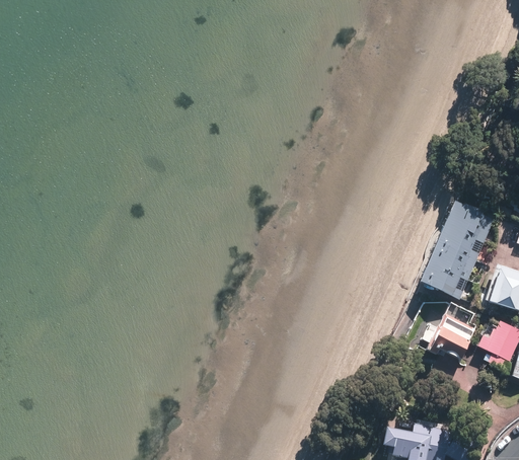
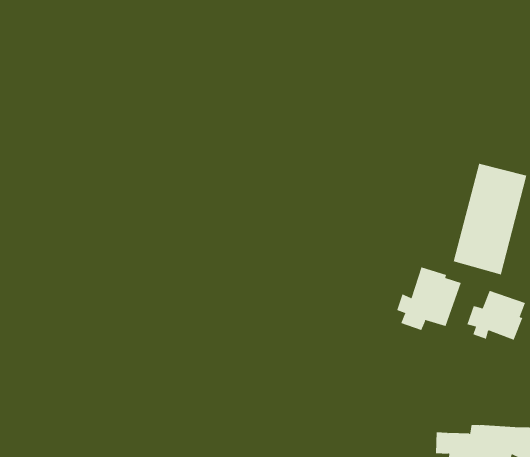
building: none -> [396,266,461,331]

